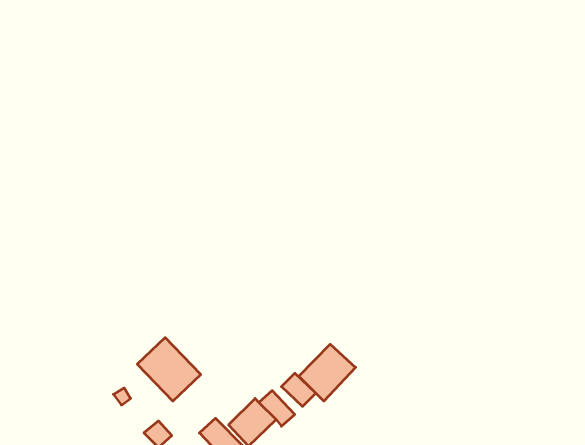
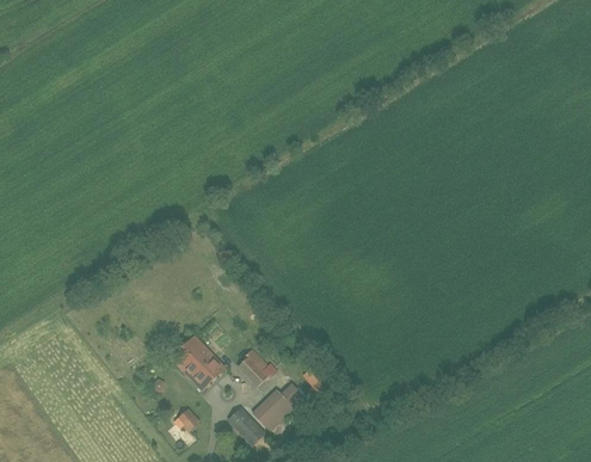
building: [299,344,356,401] -> none
building: none -> [238,347,278,387]

